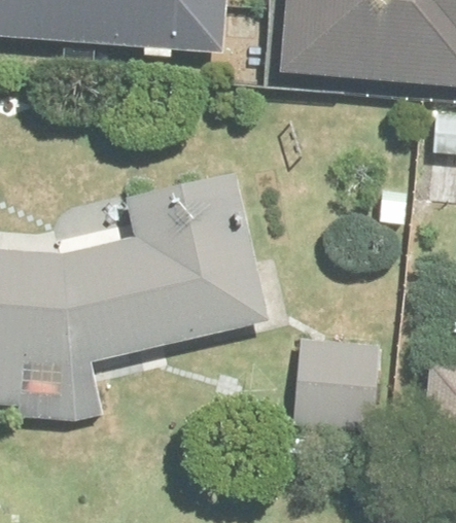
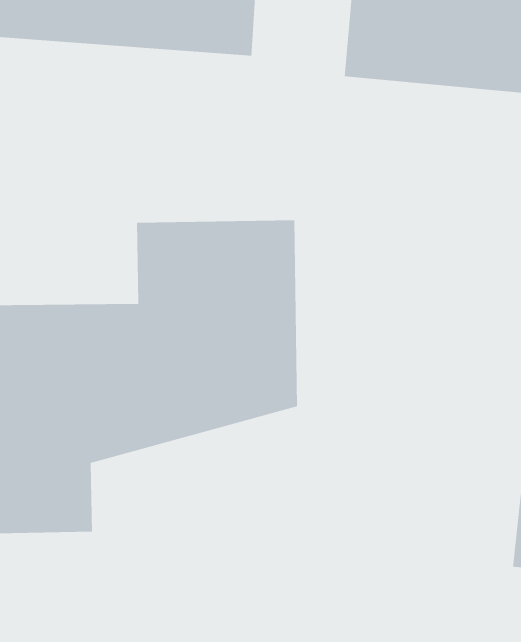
building: [289,337,382,432] -> none

